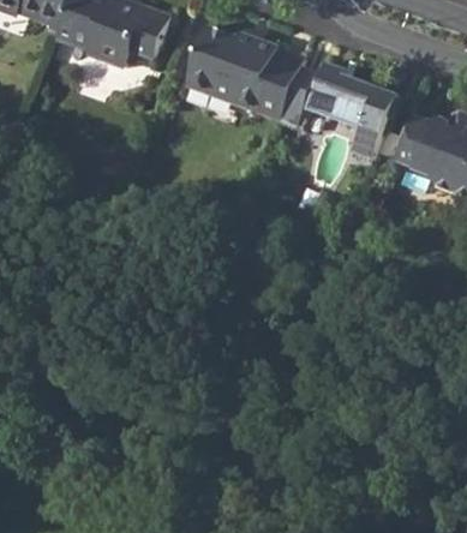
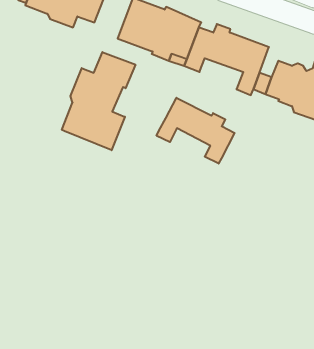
building: none -> [62,52,135,150]
building: none -> [157,98,235,164]

